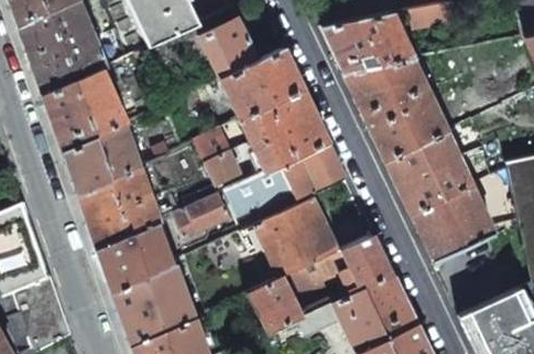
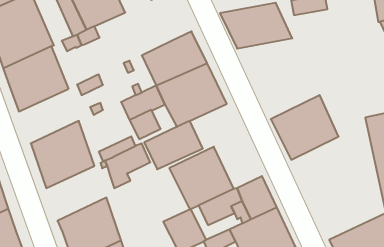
building: [199,18,259,79] -> none
building: [342,57,448,161] -> none
building: [63,122,140,192] -> none
building: [282,141,346,199] -> none
building: [412,183,495,261] -> none
building: [98,221,175,291] -> none

